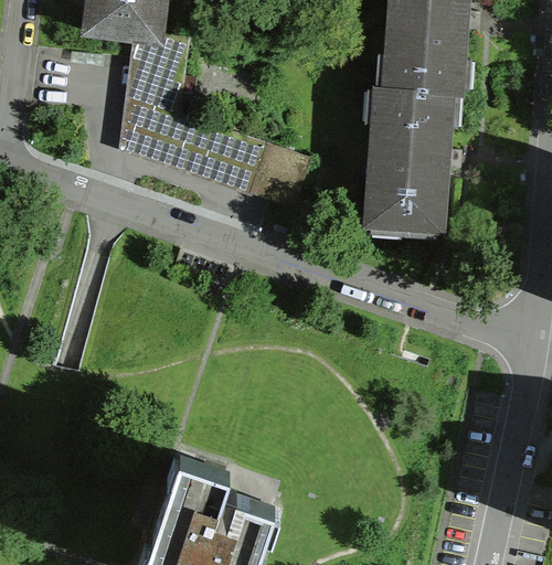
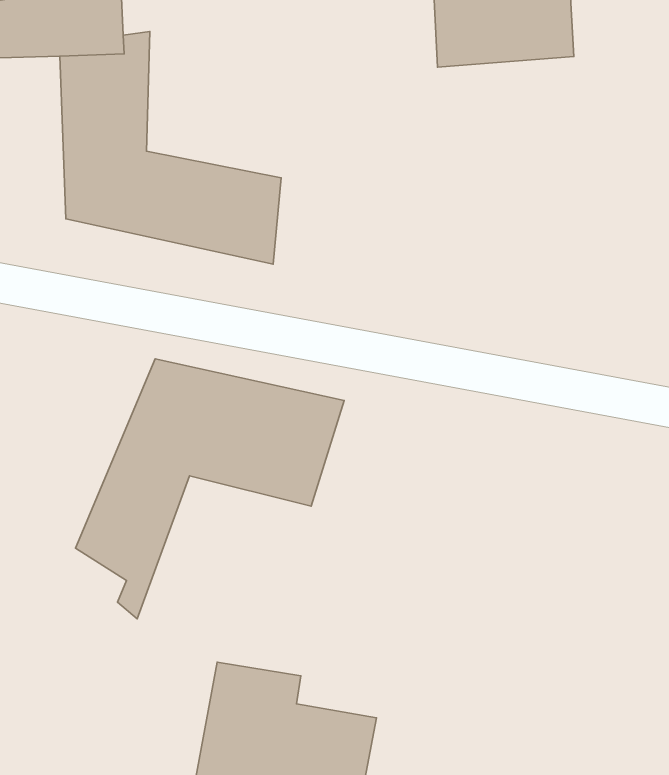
building: [359,84,464,228] -> none
building: none -> [75,359,344,619]

